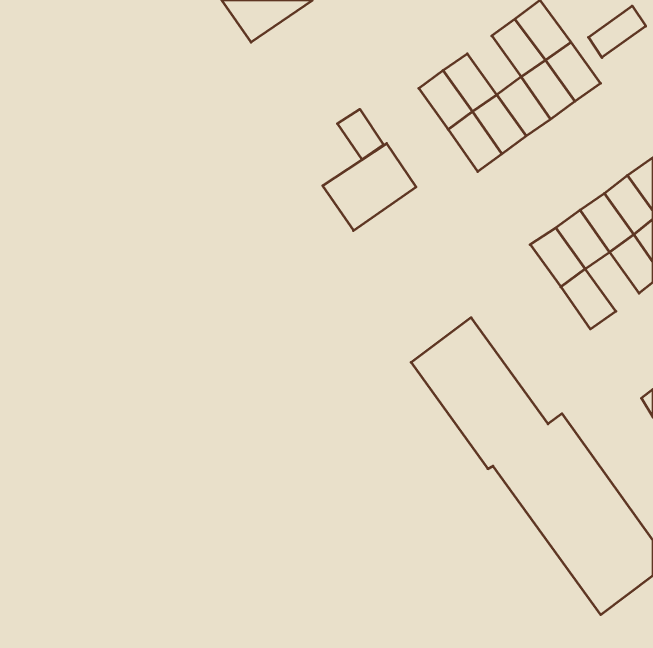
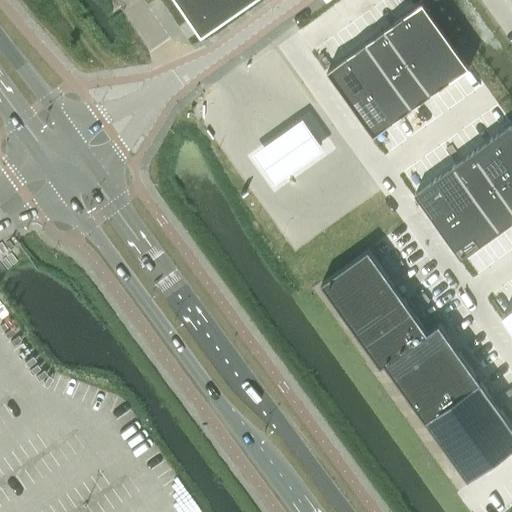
building: [588,6,646,58] -> none
building: none -> [365,33,407,79]
building: [337,109,383,160] -> none
building: none -> [457,202,499,248]

